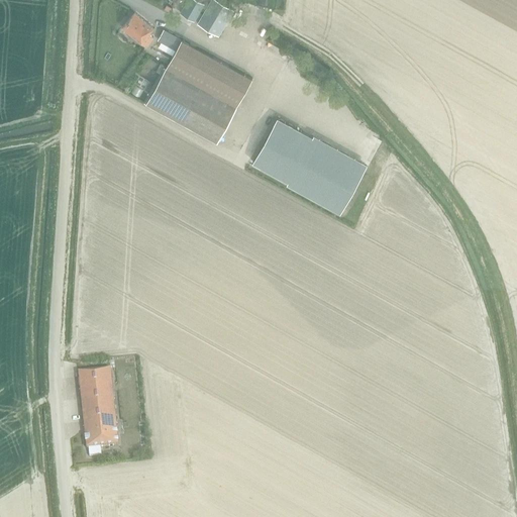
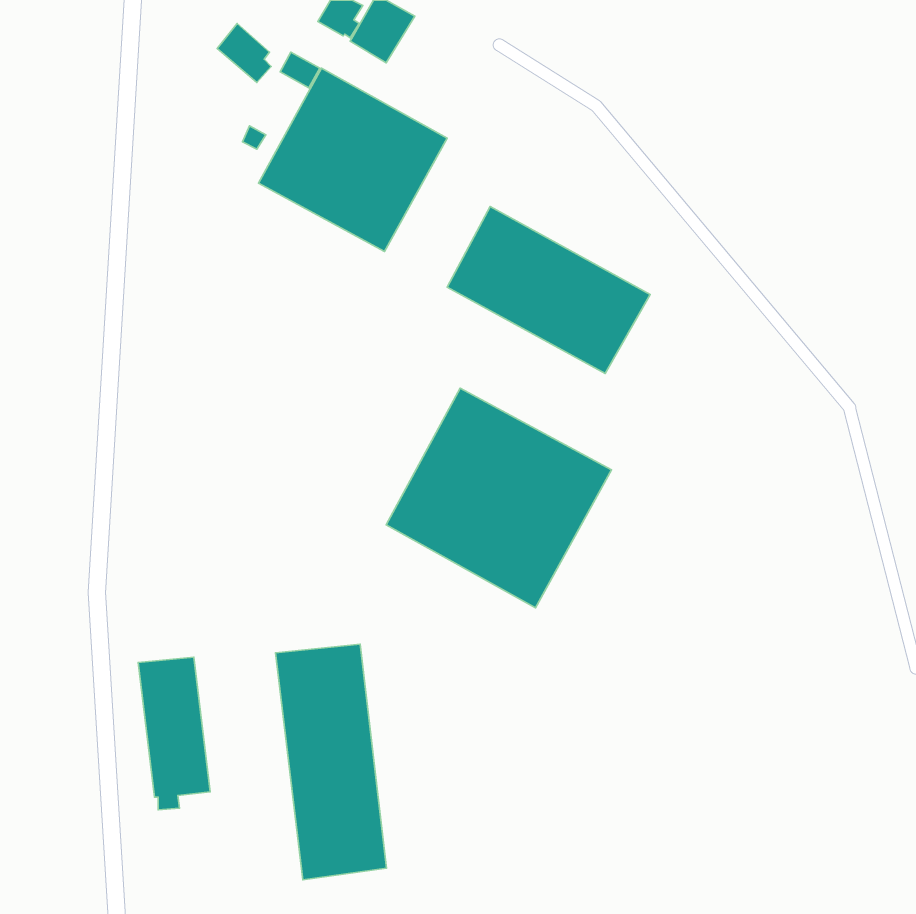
building: none -> [386,388,611,608]
building: none -> [276,644,386,880]

